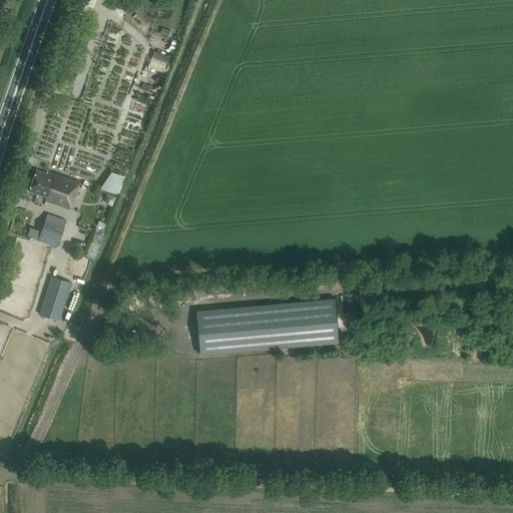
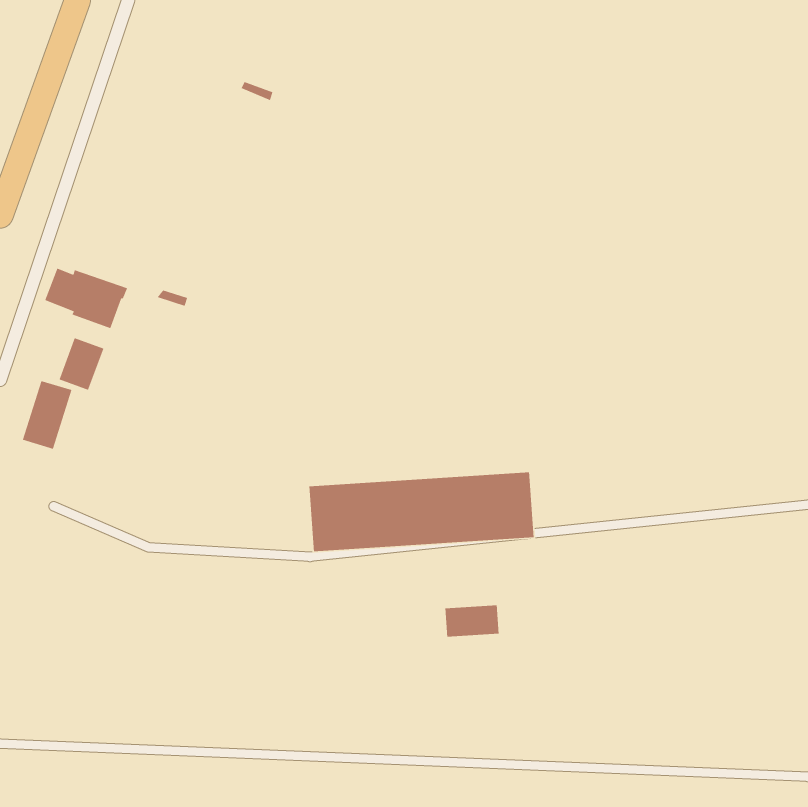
building: [39,278,71,322] -> [22,380,73,450]
building: none -> [445,604,499,637]

